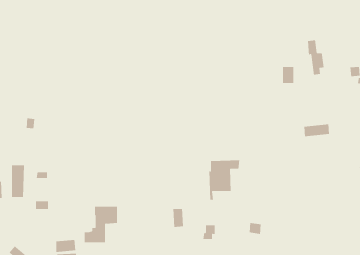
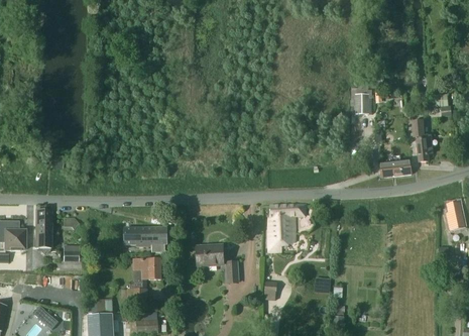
building: [307,40,324,75] -> [413,120,433,161]
building: none -> [125,227,166,246]
building: none -> [197,244,224,265]

